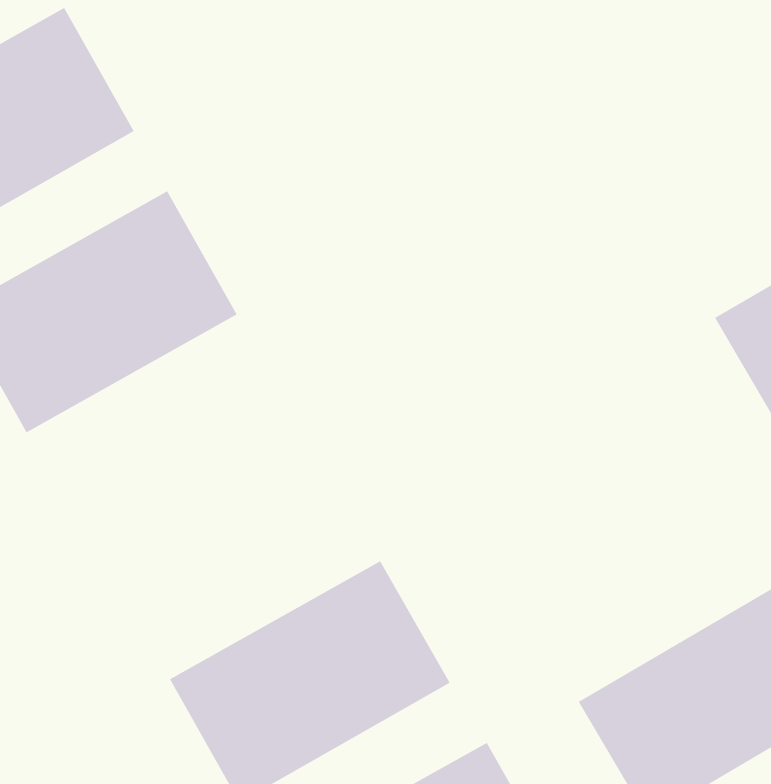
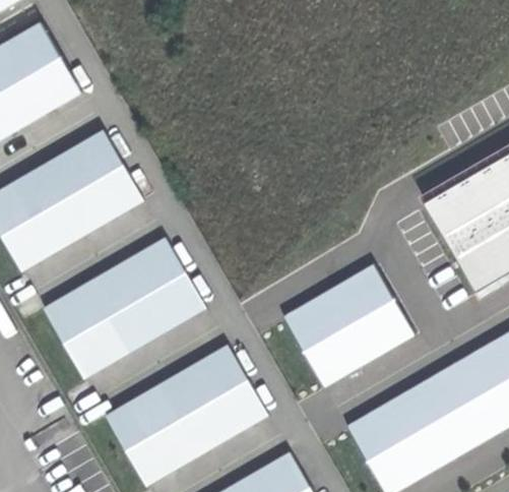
building: none -> [44,238,207,380]
building: none -> [281,264,413,386]

